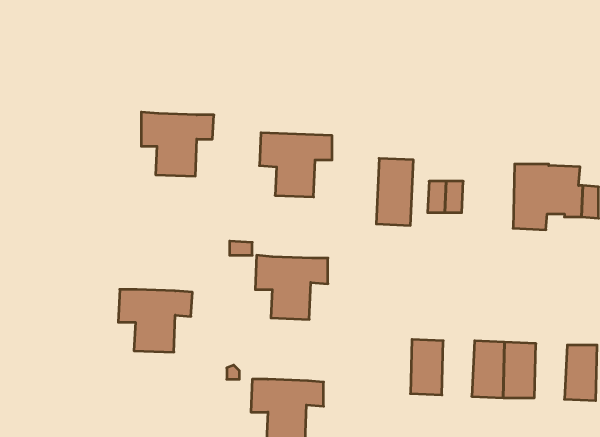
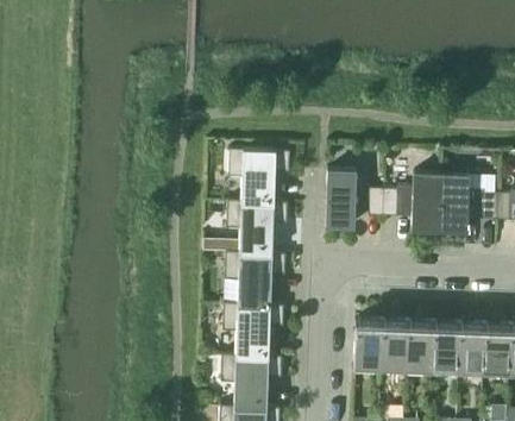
building: [141,112,214,176] -> [227,199,288,252]
building: none -> [412,172,441,227]
building: [118,289,192,352] -> [222,302,284,354]
building: none -> [381,321,408,367]
building: none -> [458,323,485,370]

